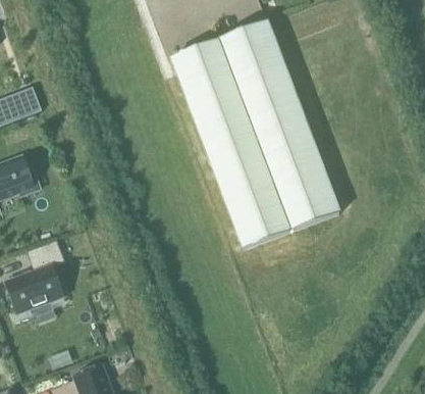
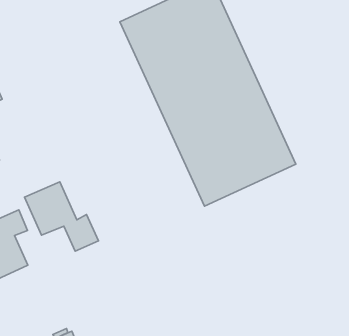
building: none -> [25,182,99,251]

